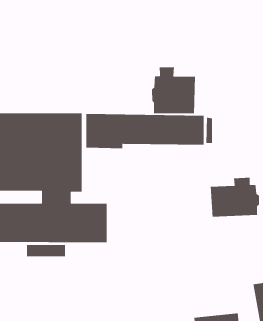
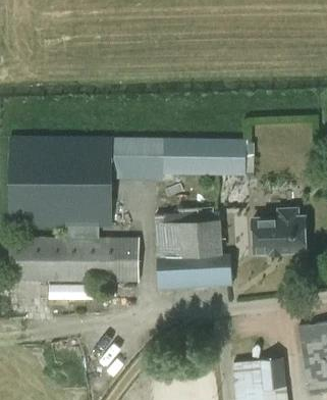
building: [151,66,196,114] -> none
building: none -> [154,212,231,290]

